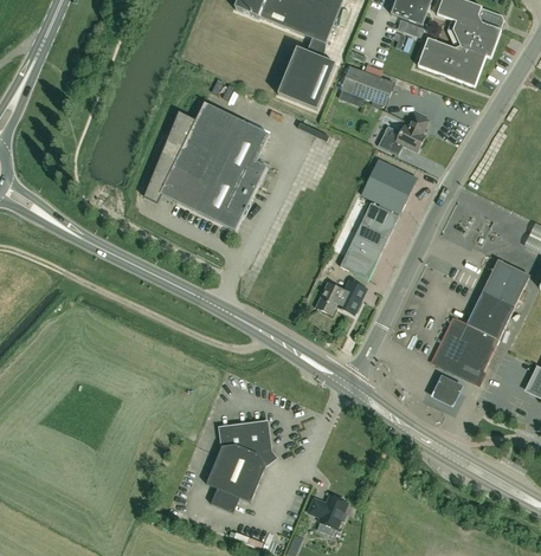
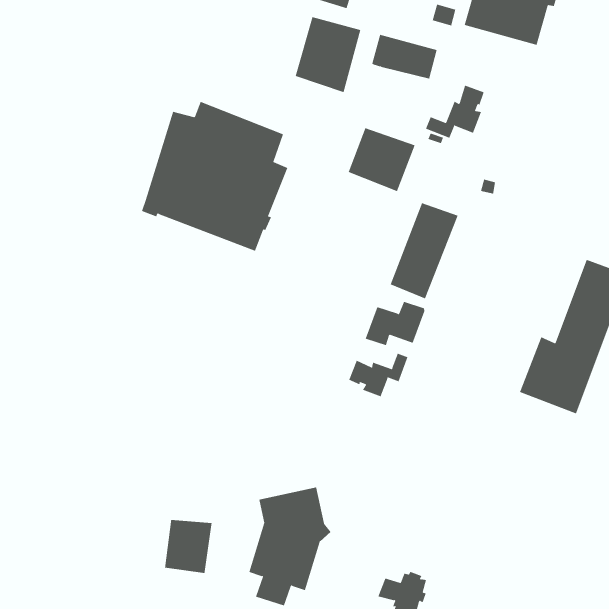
building: [361,159,417,212] -> [348,127,416,192]
building: none -> [348,353,408,397]
building: [432,375,464,408] -> none
building: none -> [165,519,212,574]

